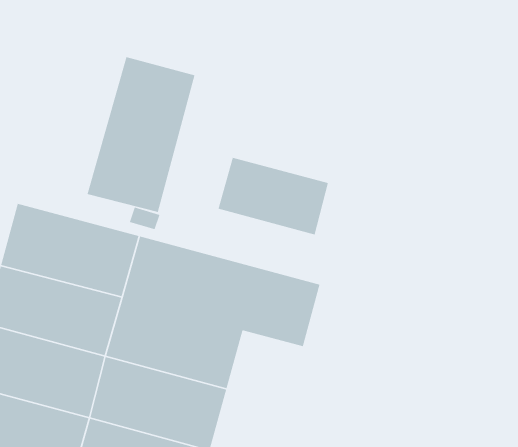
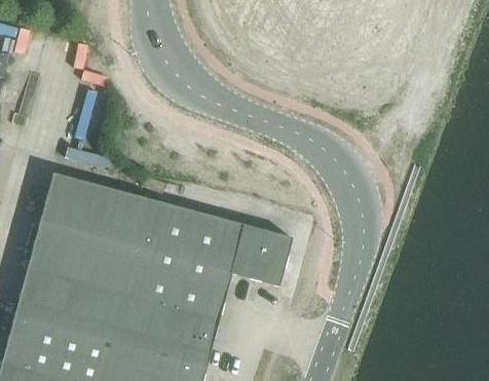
building: [87,56,196,213] -> none
building: [217,157,329,235] -> none

